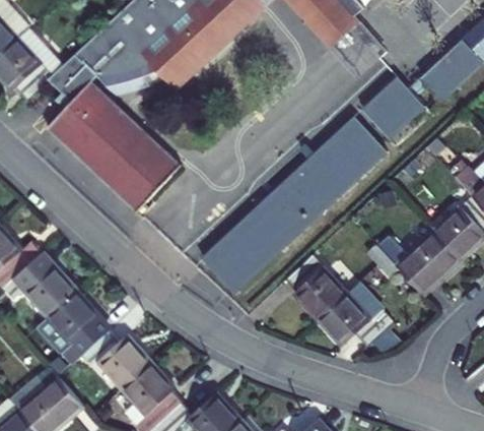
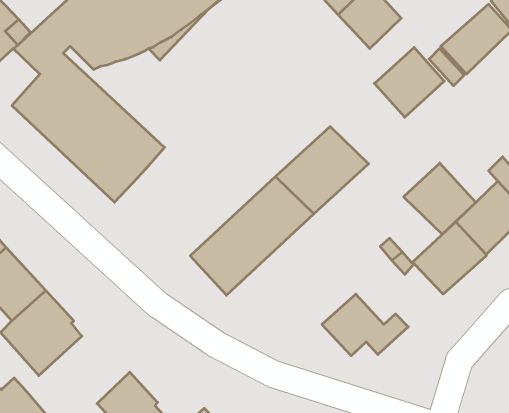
building: [324,117,387,179] -> [404,163,476,234]
building: [285,255,346,319] -> none
building: [81,329,149,387] -> none

